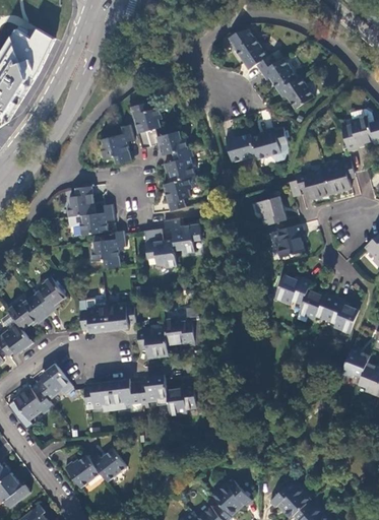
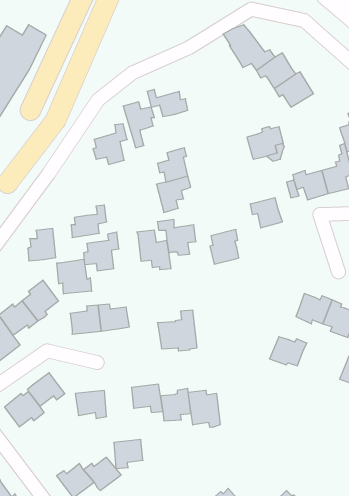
building: [146,128,186,154] -> [147,89,188,116]
building: [225,133,256,161] -> none
building: [67,185,94,216] -> [28,228,56,261]
building: [275,223,304,257] -> [210,230,239,264]
building: none -> [57,259,92,294]
building: [274,275,311,304] -> [269,337,307,366]
building: [136,327,169,356] -> none
building: [112,381,140,409] -> [114,439,143,469]
building: none -> [188,390,220,427]

